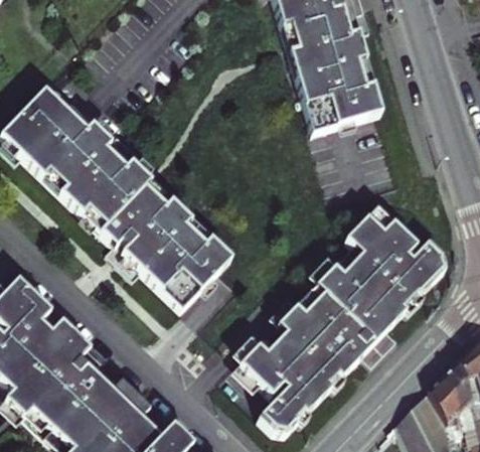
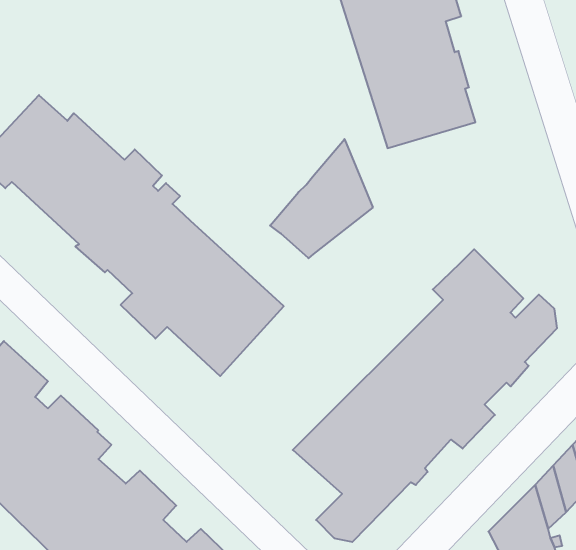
building: none -> [270,139,373,258]

